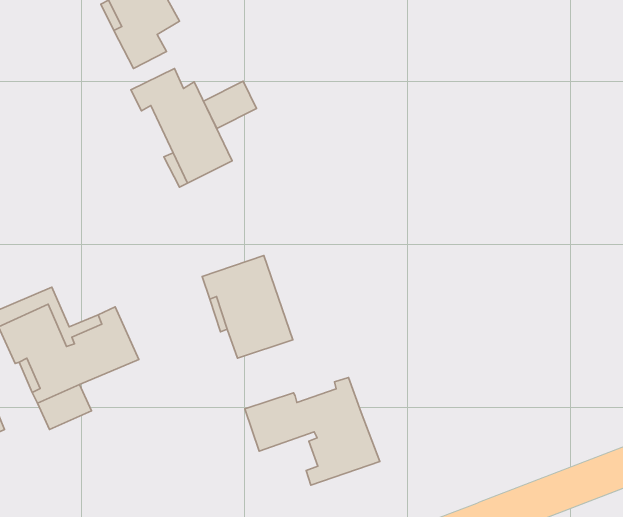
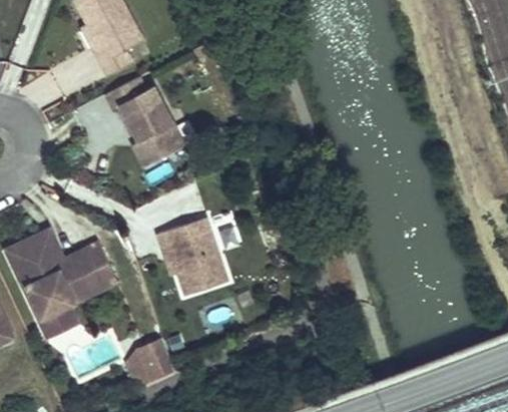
building: [204,81,256,128] -> none
building: [245,377,380,485] -> none
building: none -> [119,342,169,394]

